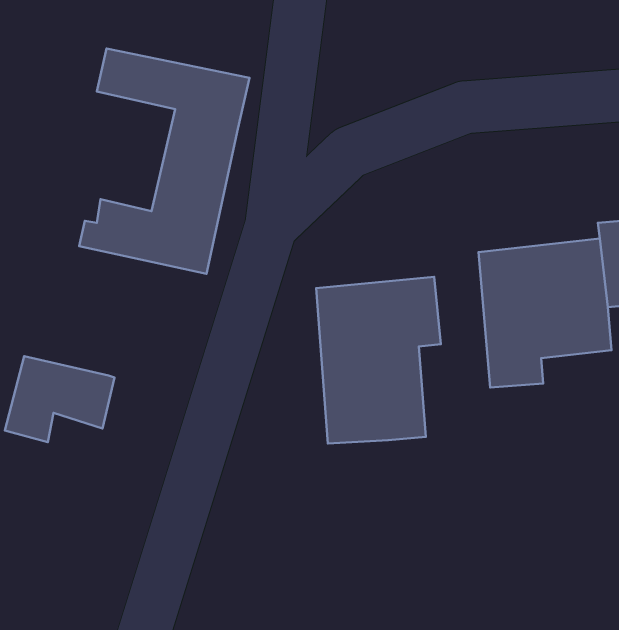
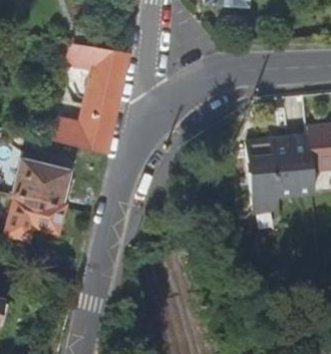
building: [316,277,441,444] -> none
building: none -> [13,160,66,205]

